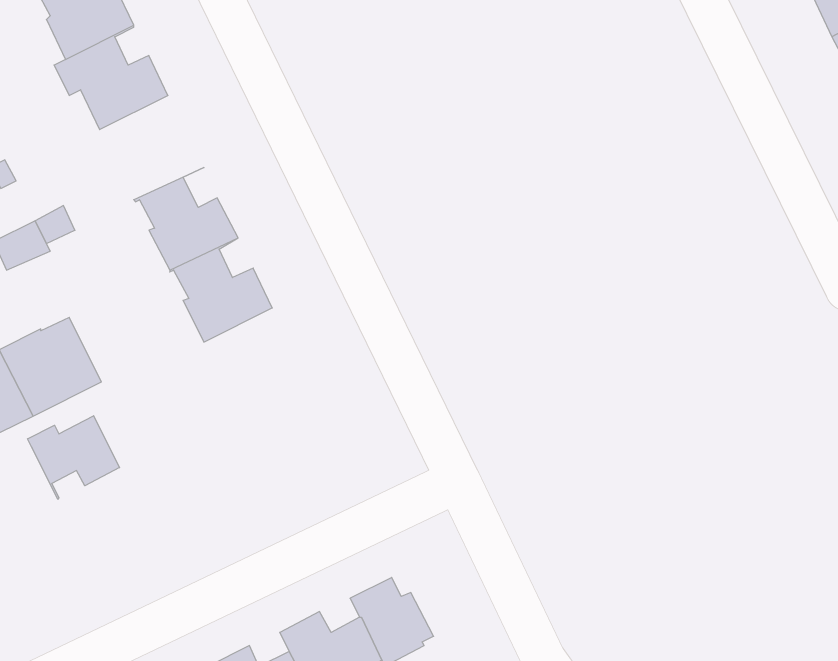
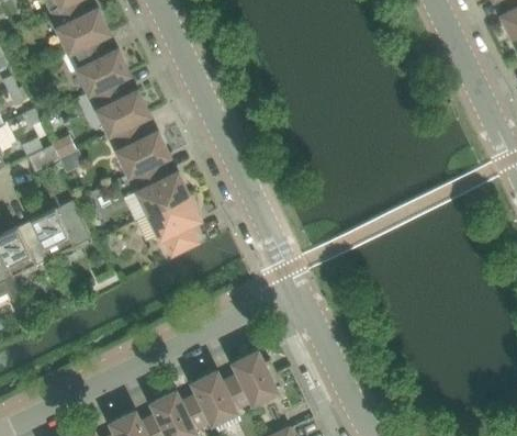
building: none -> [88,72,148,133]
building: none -> [148,195,199,255]
building: [28,416,120,499] -> none

